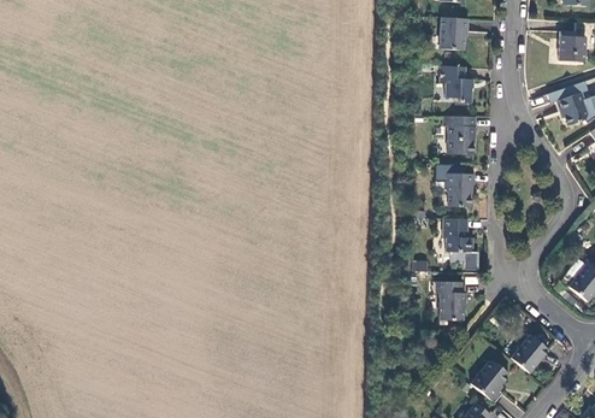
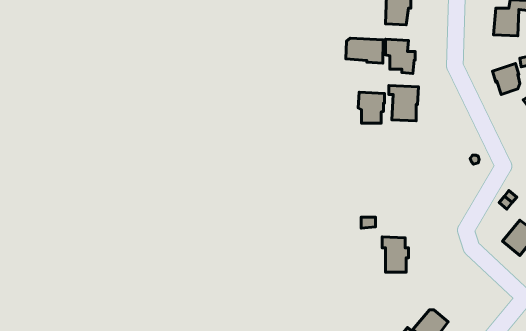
building: none -> [346,38,383,63]
building: [444,172,473,206] -> [358,92,385,123]
building: [443,218,472,263] -> none
building: [511,334,548,372] -> none

